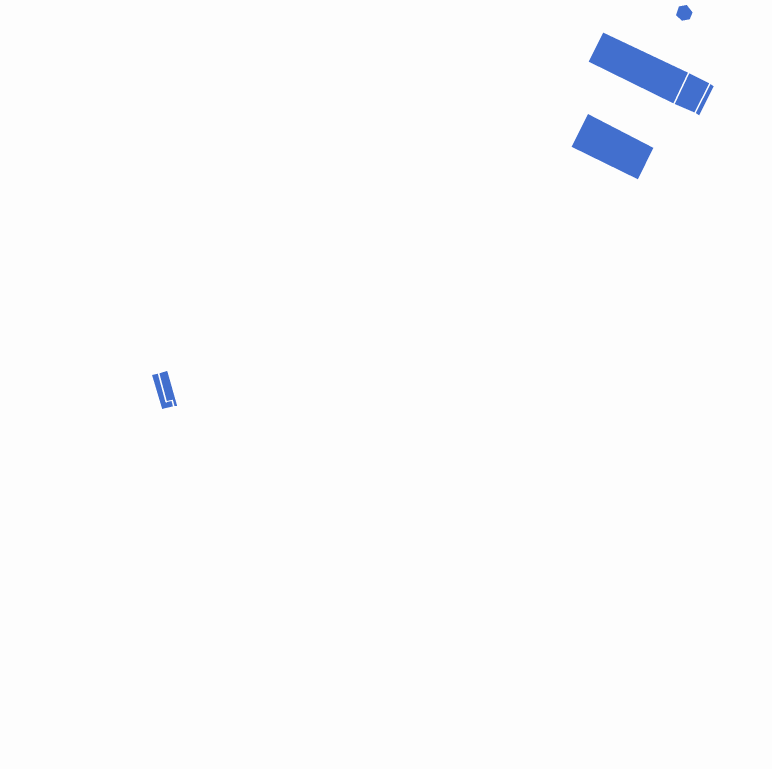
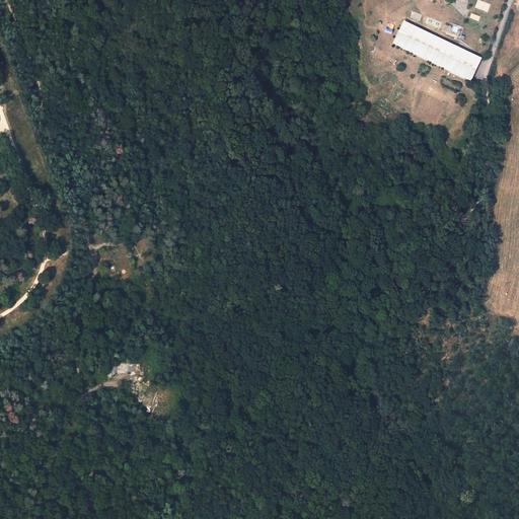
building: [571,113,654,180] -> none

